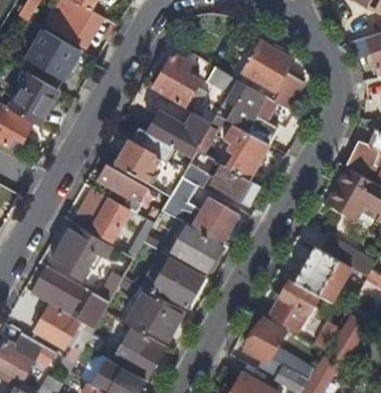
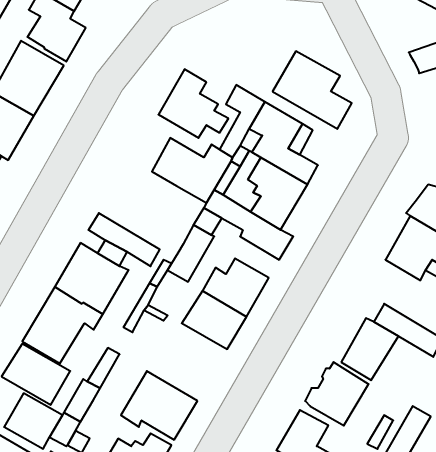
building: [116,129,168,182] -> none
building: [153,255,204,300] -> none

